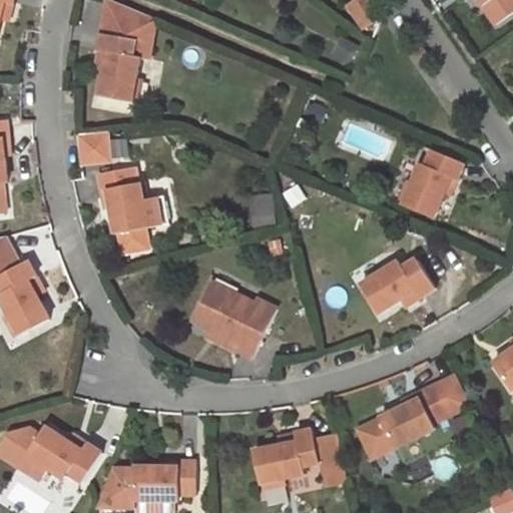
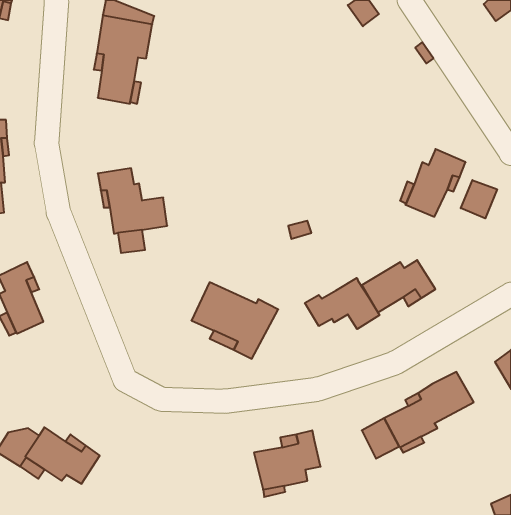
building: [79,135,109,165] -> none
building: none -> [461,180,497,218]
building: none -> [305,278,379,329]
building: [313,431,346,469] -> none
building: [95,458,193,508] -> none

